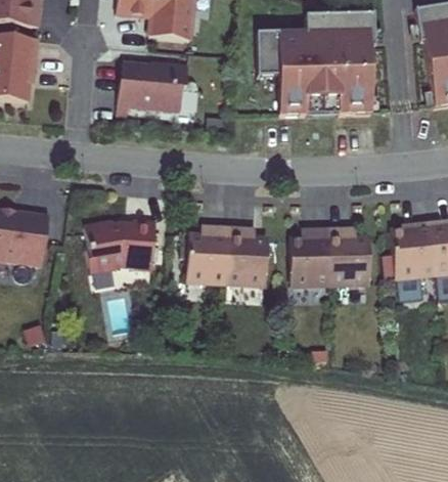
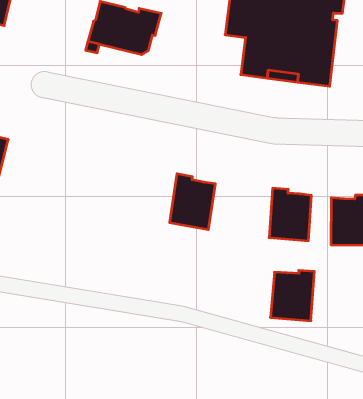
building: [83,220,153,271] -> none
building: [184,226,226,277] -> none
building: [285,228,329,281] -> [270,270,314,321]

